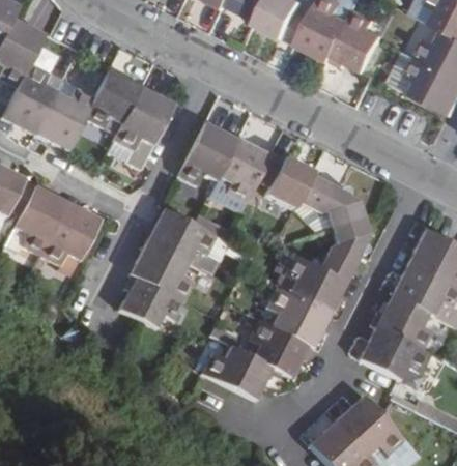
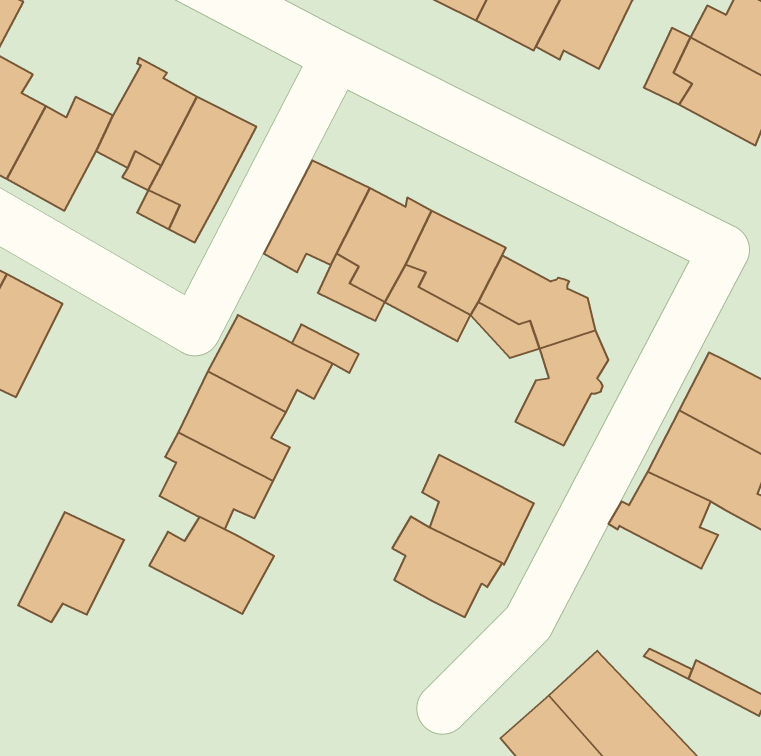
building: [41,202,101,263] -> [18,512,124,622]
building: [284,254,346,313] -> none
building: [360,325,430,379] -> none
building: [203,345,273,399] -> [149,517,274,614]

